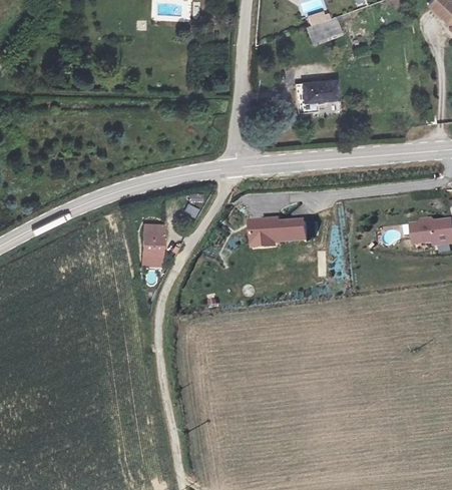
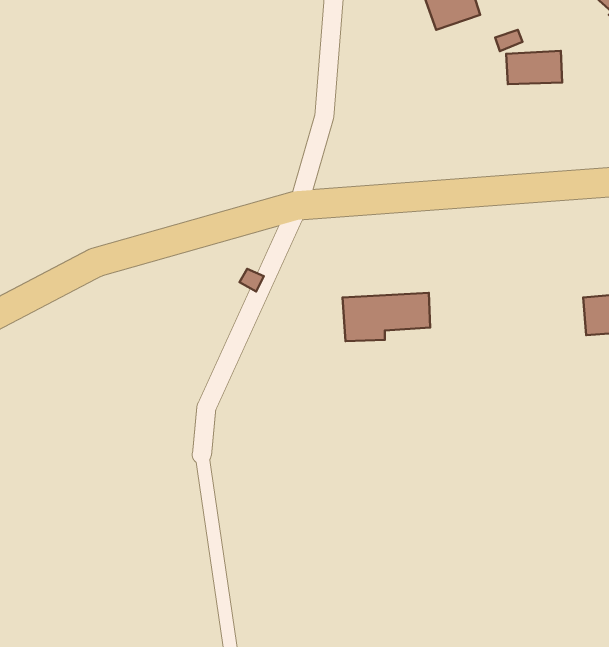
building: [297,85,334,107] -> [506,51,562,84]
building: [143,227,164,256] -> none

